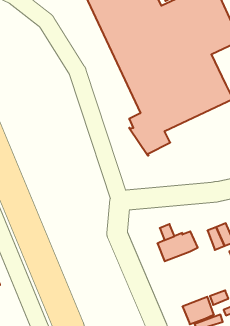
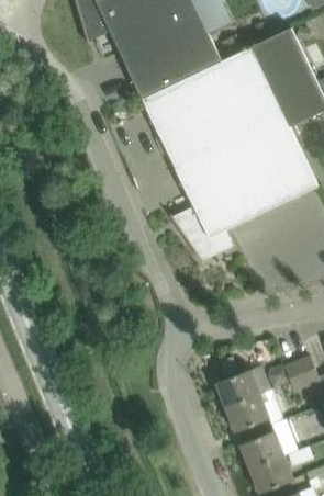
building: none -> [226,394,269,431]
building: none -> [242,430,284,469]

